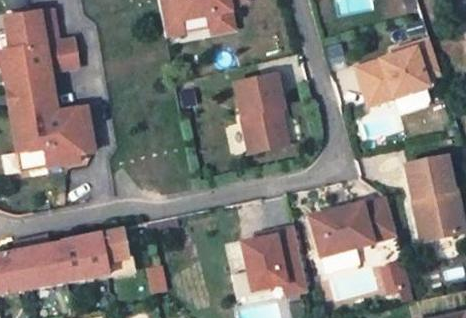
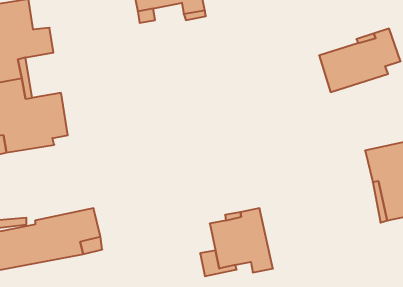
building: [238,71,292,150] -> none
building: [309,198,395,258] -> none
building: [378,261,411,294] -> none

